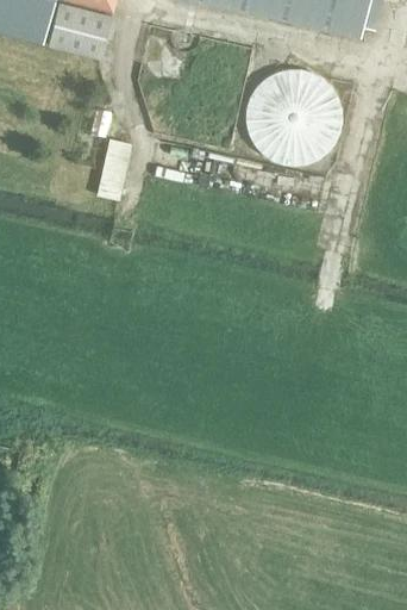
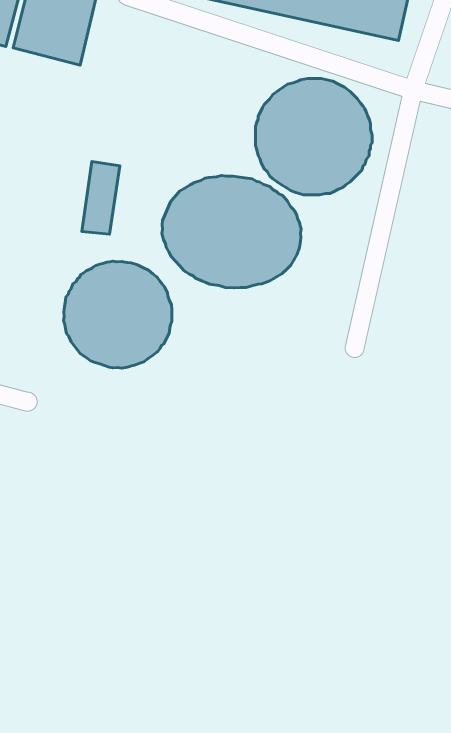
building: none -> [162,175,301,288]
building: none -> [64,261,172,368]

